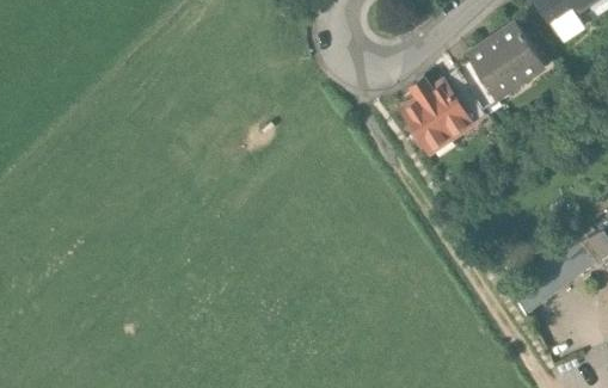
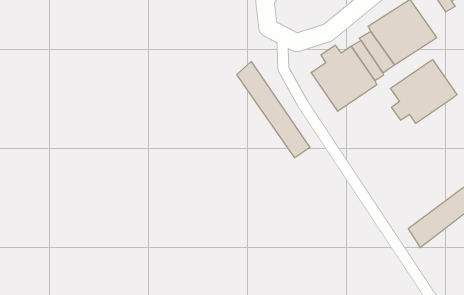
building: none -> [390,60,457,123]
building: none -> [237,62,310,158]

